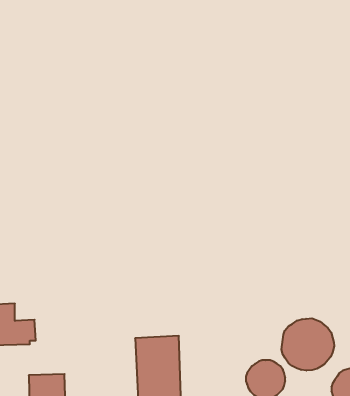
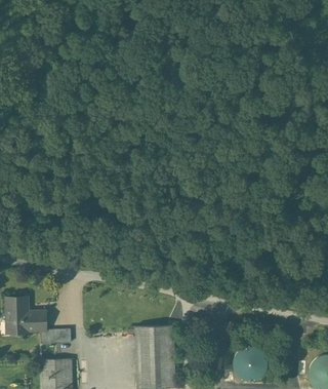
building: [282,318,334,371] -> none
building: none -> [42,329,72,344]

